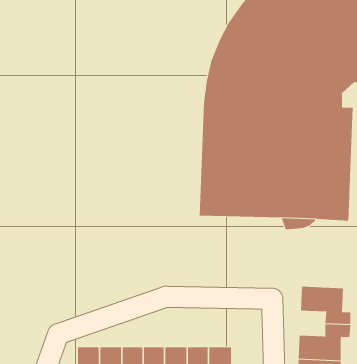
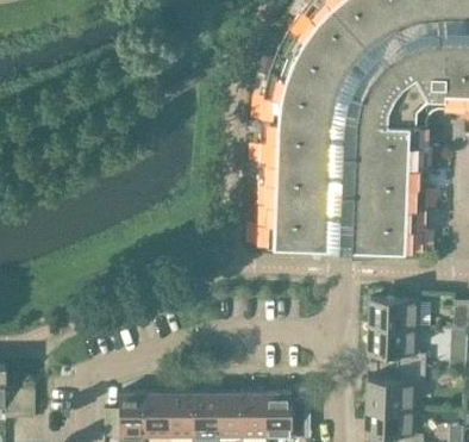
building: none -> [370,300,419,329]

